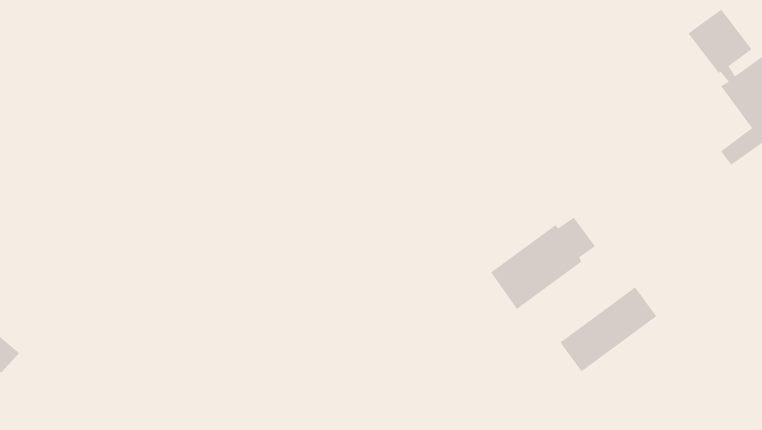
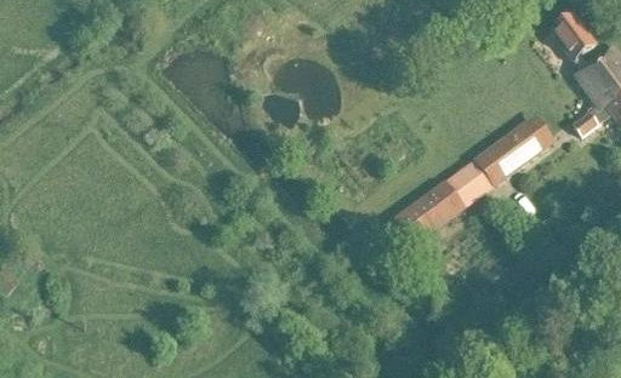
building: [559,287,657,372] -> [473,118,549,184]

